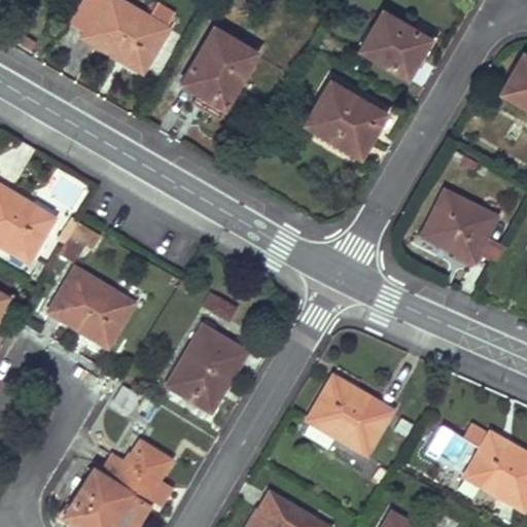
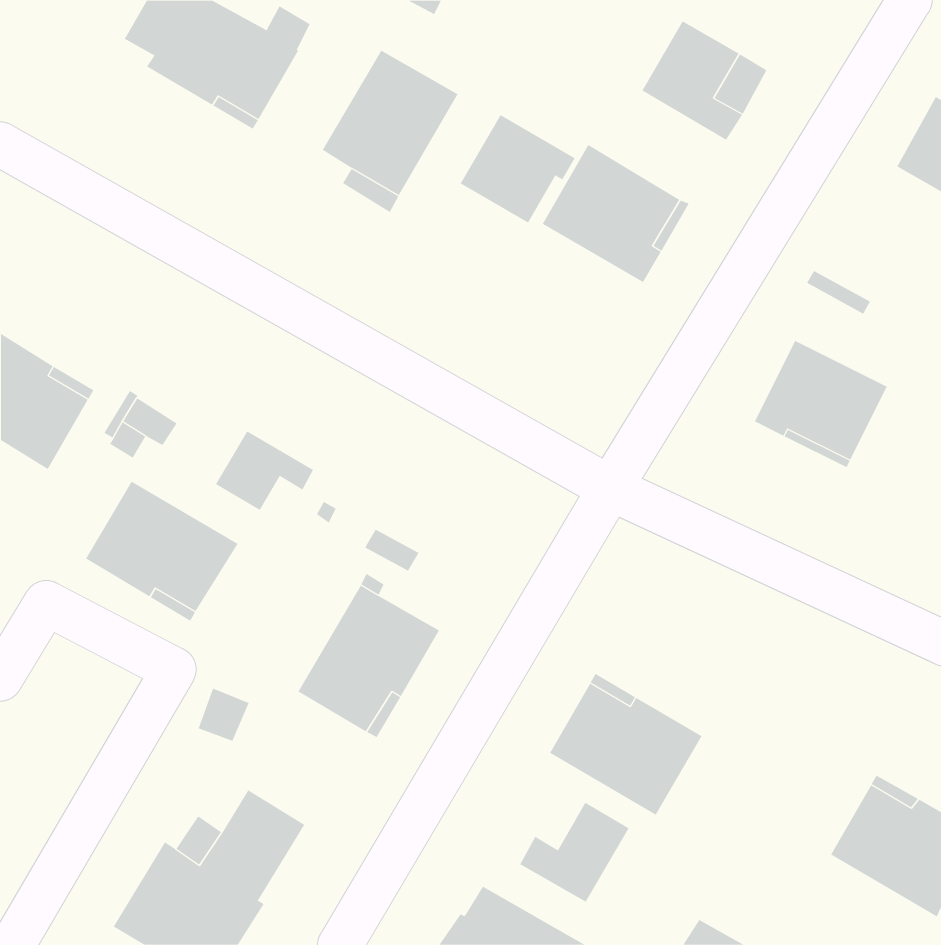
building: none -> [460,114,575,223]
building: none -> [215,430,314,511]
building: none -> [520,802,630,903]

